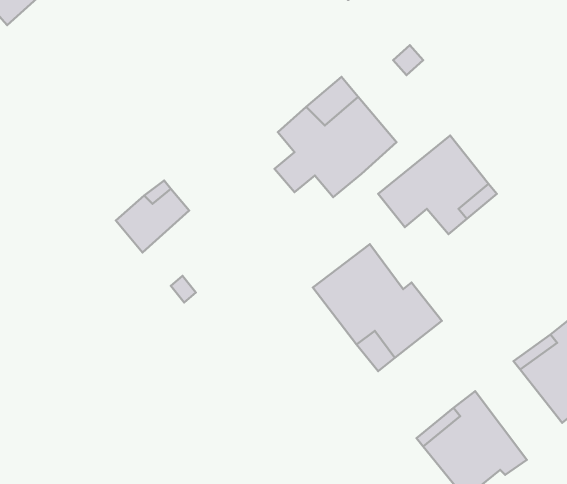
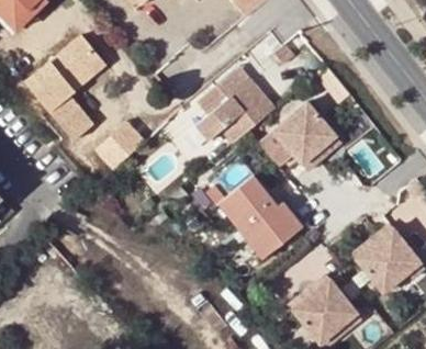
building: none -> [25,38,105,144]

